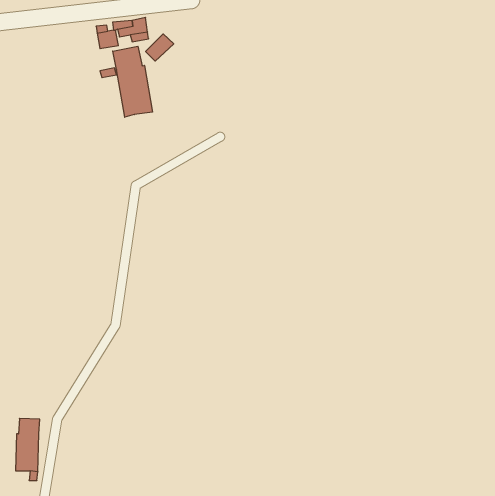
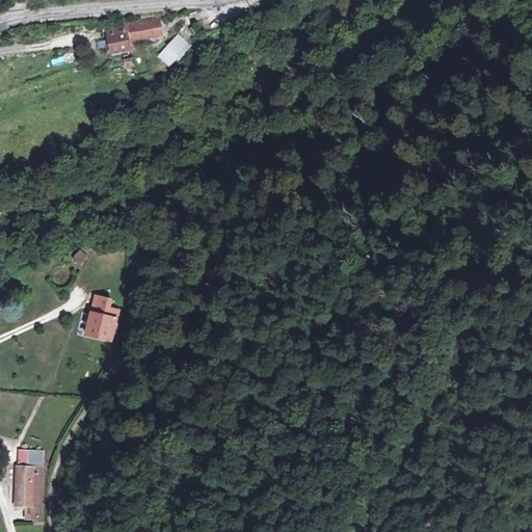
building: [113,46,152,117] -> none
building: none -> [87,303,118,338]

